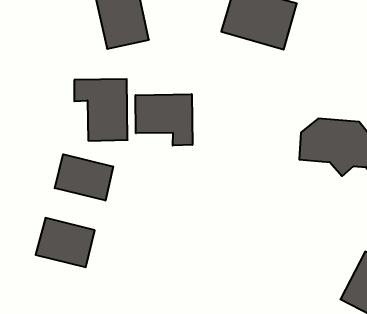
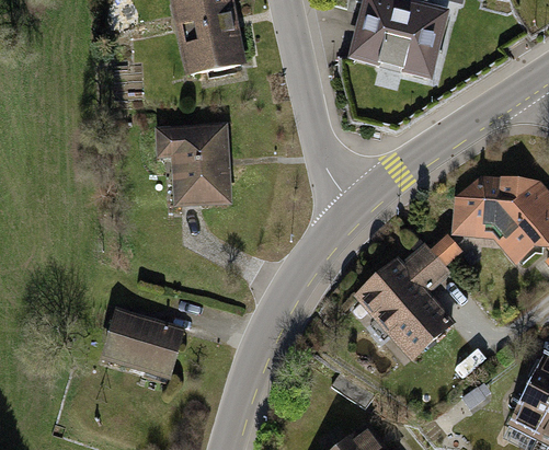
building: [136,94,192,146] -> none
building: [55,154,113,201] -> none
building: none -> [356,244,445,351]

